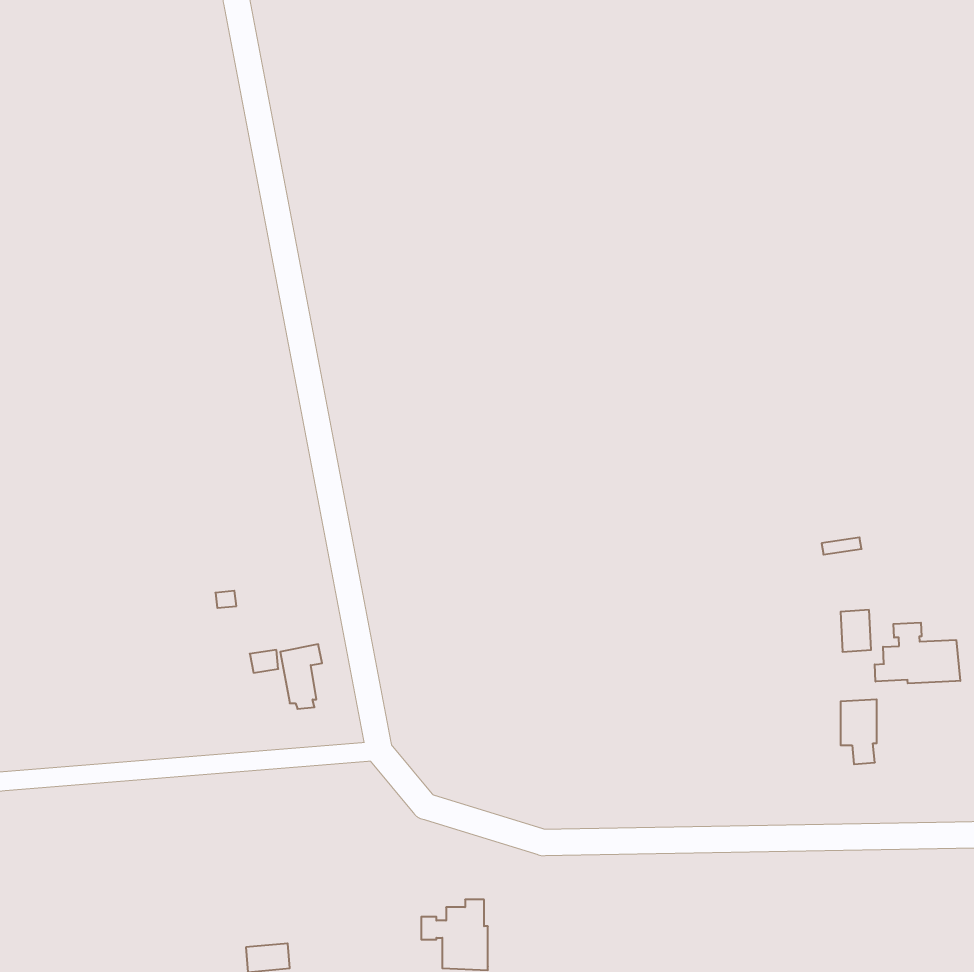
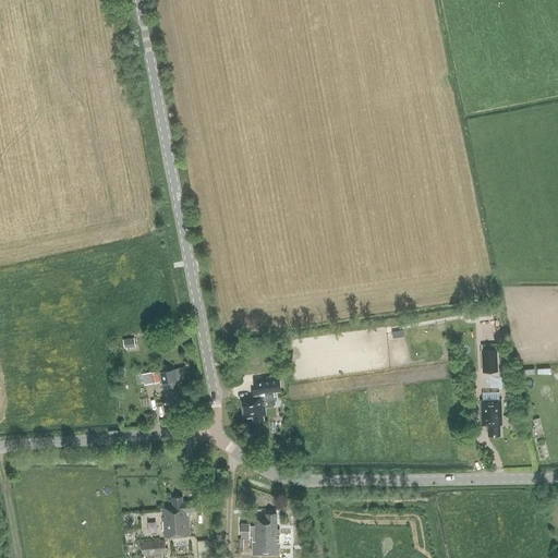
building: [875,623,960,683] -> none
building: none -> [241,380,281,423]
building: none -> [162,498,195,538]

